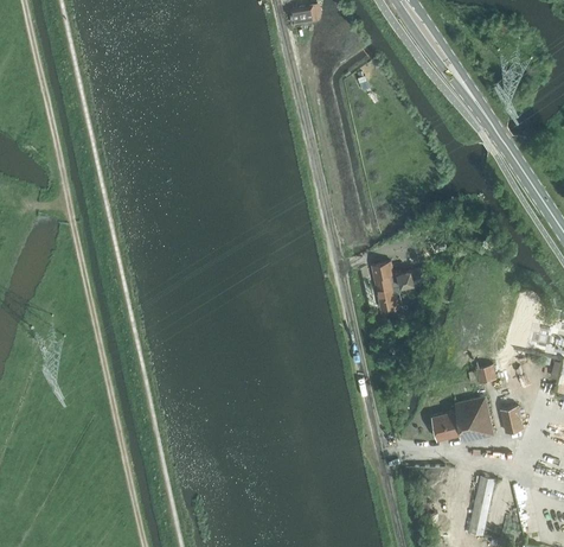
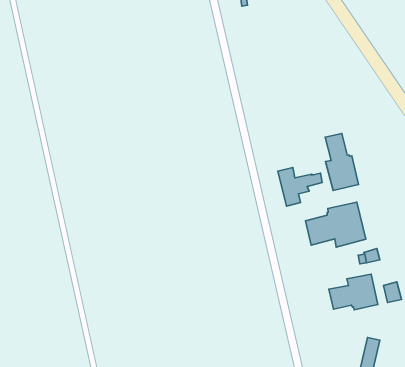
building: none -> [325,134,358,191]
building: none -> [306,202,366,247]

